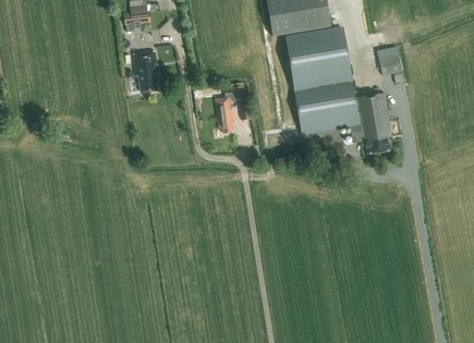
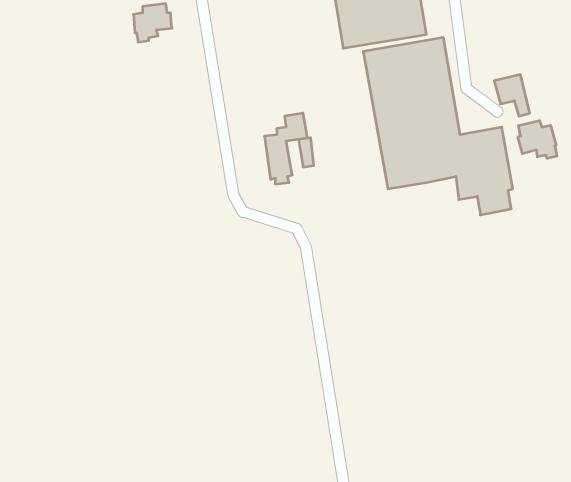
building: [133,51,159,90] -> none
building: none -> [518,121,557,158]

